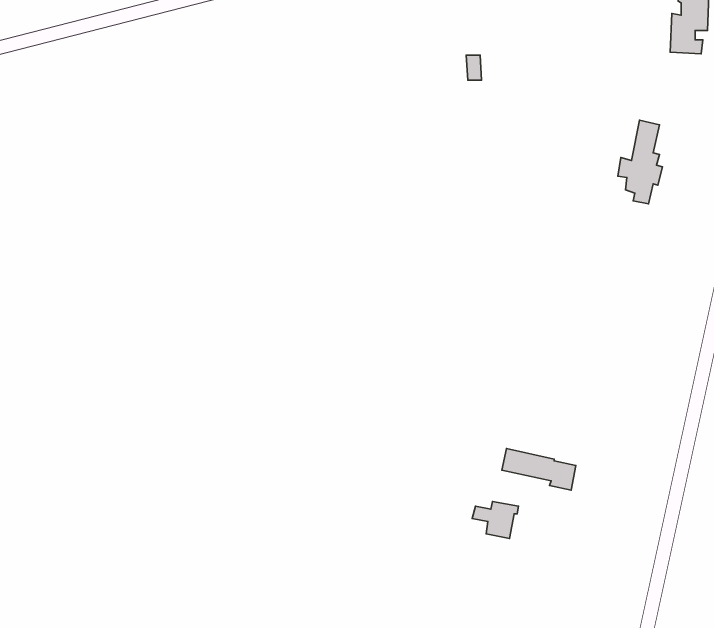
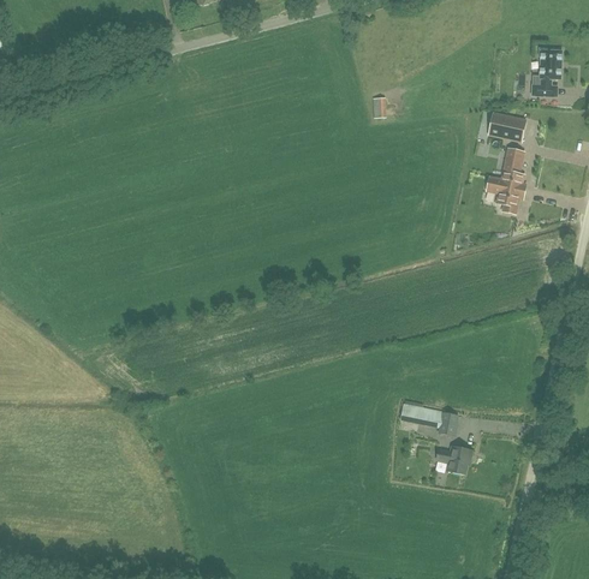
building: none -> [488,112,525,139]
building: [472,501,519,539] -> [436,444,472,473]

